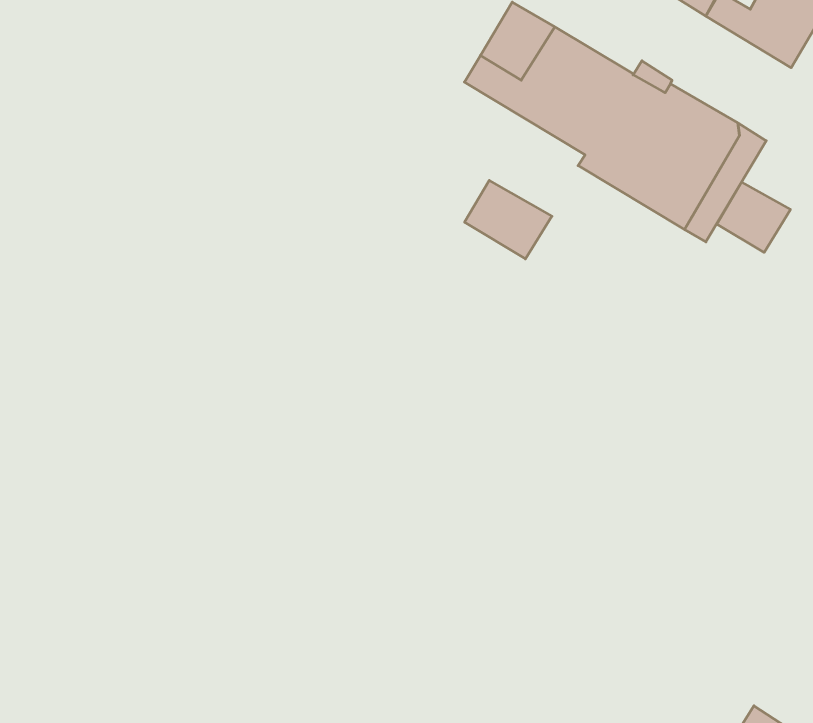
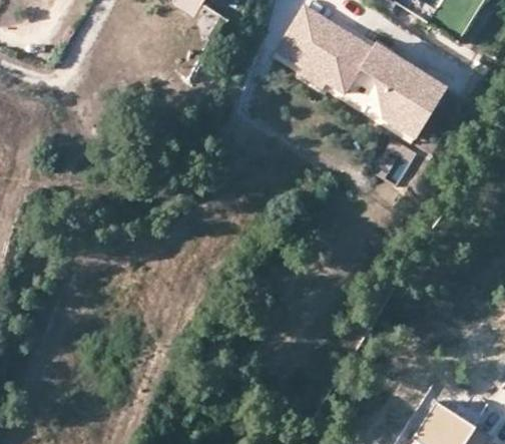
building: [465,180,552,259] -> none
building: [717,182,790,252] -> none

